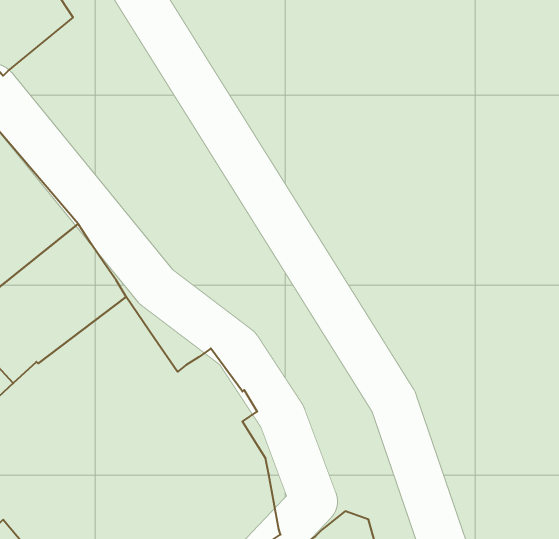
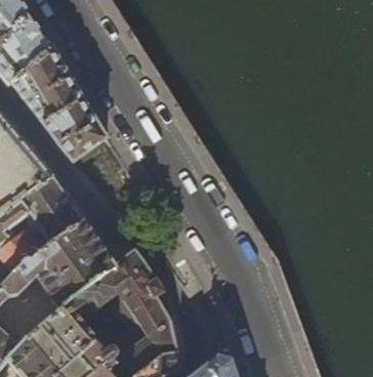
building: none -> [9,49,106,161]

